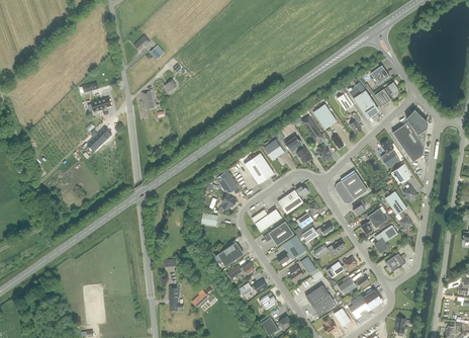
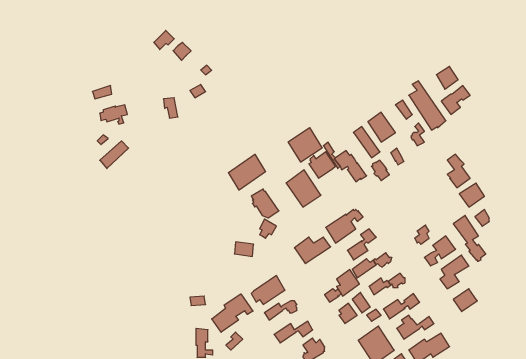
building: [392,109,428,161] -> none
building: none -> [288,128,322,162]
building: none -> [228,154,266,190]
building: [336,171,368,201] -> none
building: [263,221,294,245] -> none
building: none -> [212,294,253,332]

